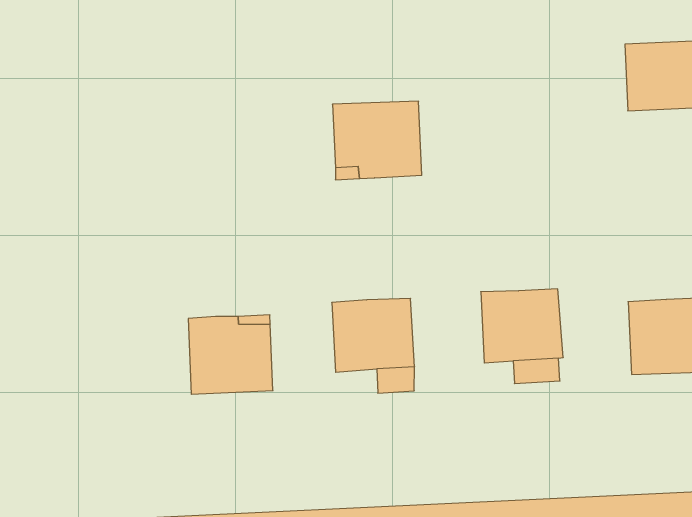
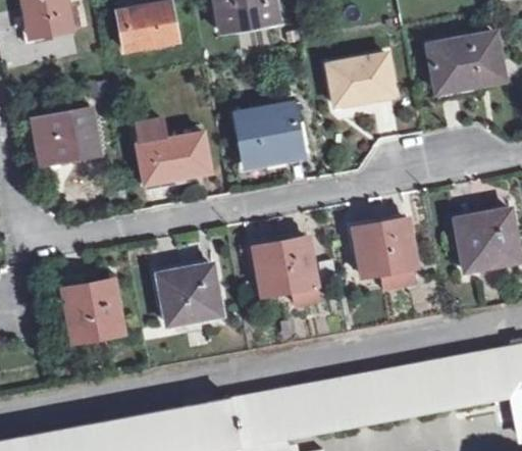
building: none -> [325,54,393,106]
building: none -> [33,111,97,163]
building: none -> [135,118,208,185]
building: none -> [63,282,121,341]

